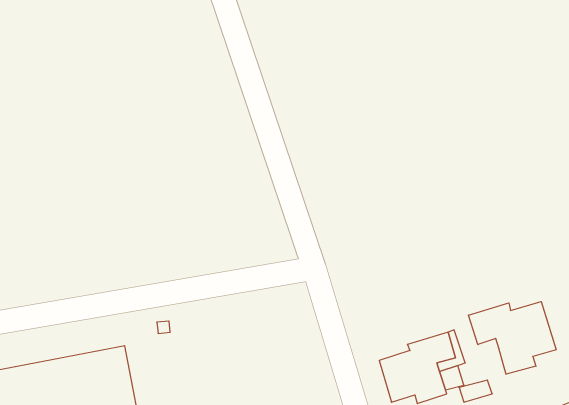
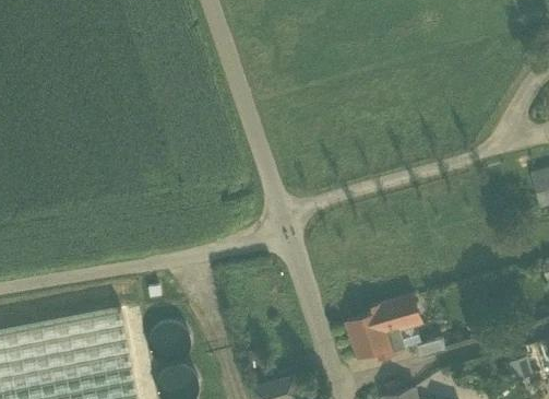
building: [468,302,556,374] -> none

